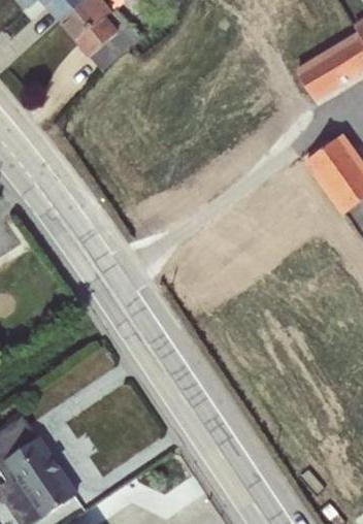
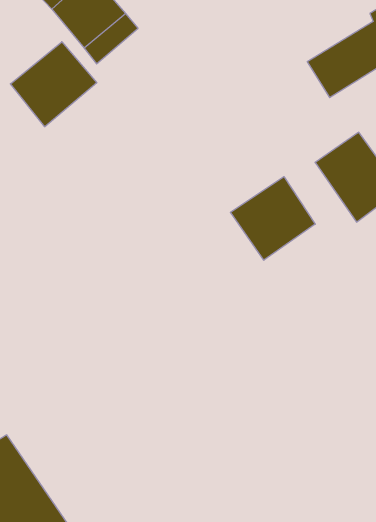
building: none -> [10,42,97,127]
building: none -> [230,177,315,260]

